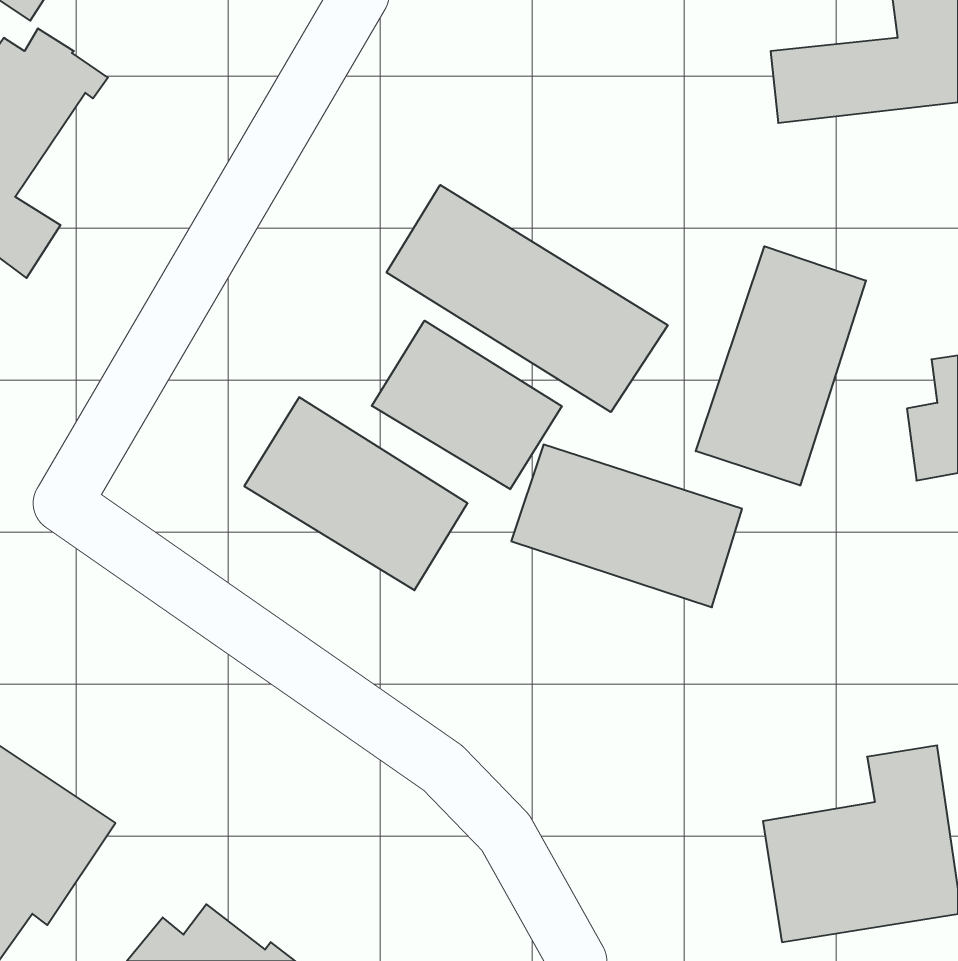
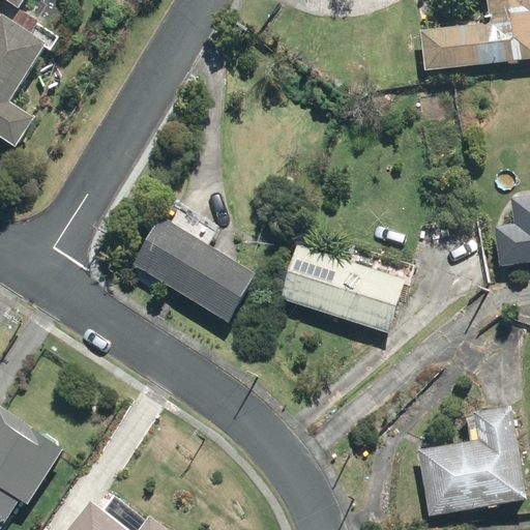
building: [387,185,668,412] -> none
building: [696,246,866,486] -> none
building: [372,321,562,489] -> none

